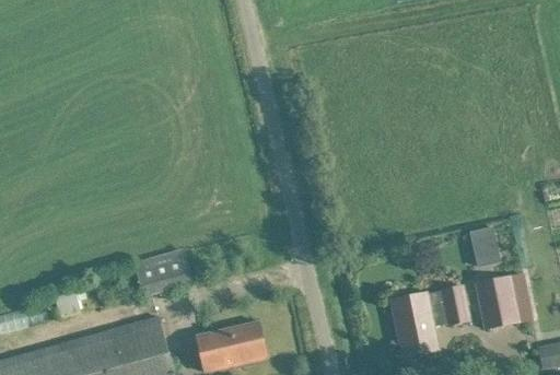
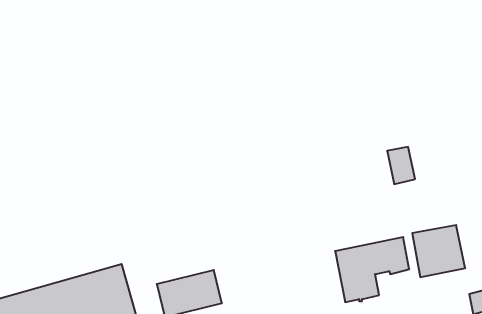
building: [469,228,500,269] -> [387,147,415,184]
building: [135,249,192,295] -> none

